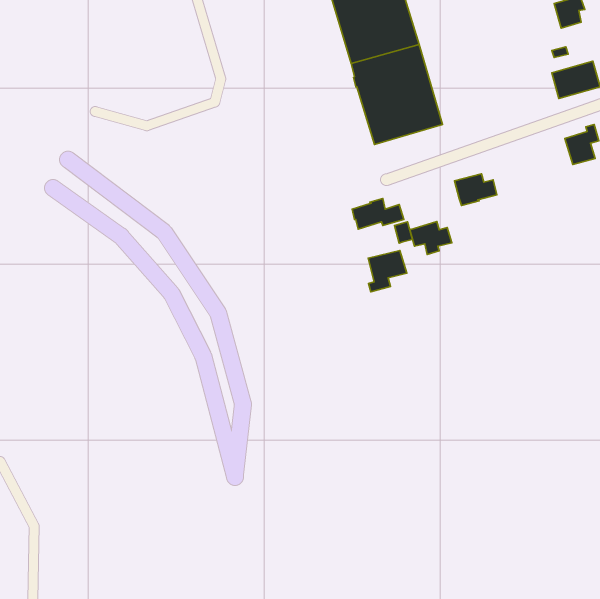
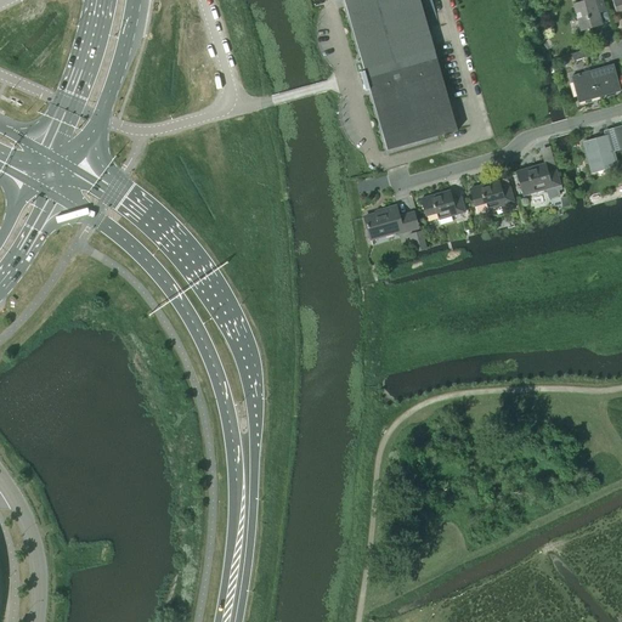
building: none -> [516,163,560,194]
building: [410,222,452,254] -> [422,190,465,224]
building: [368,250,407,292] -> none

